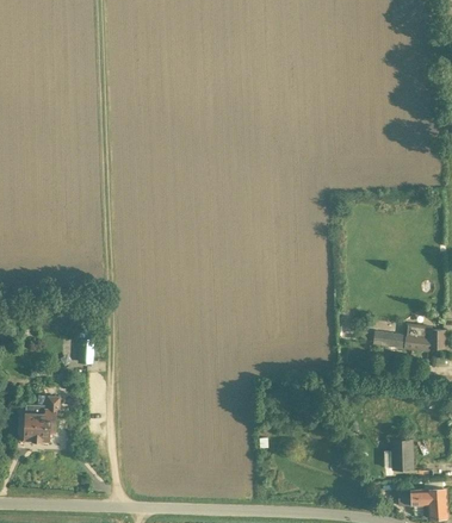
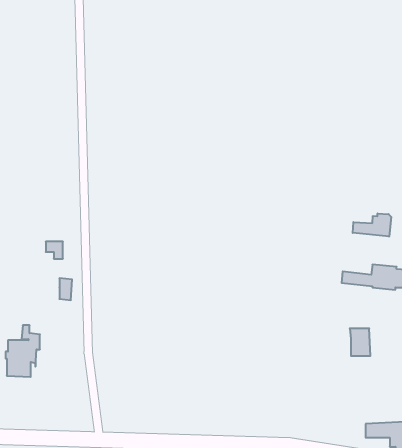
building: none -> [353,213,391,237]
building: [390,441,411,469] -> [350,328,370,356]

